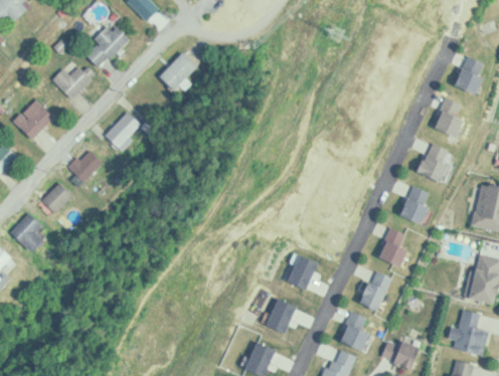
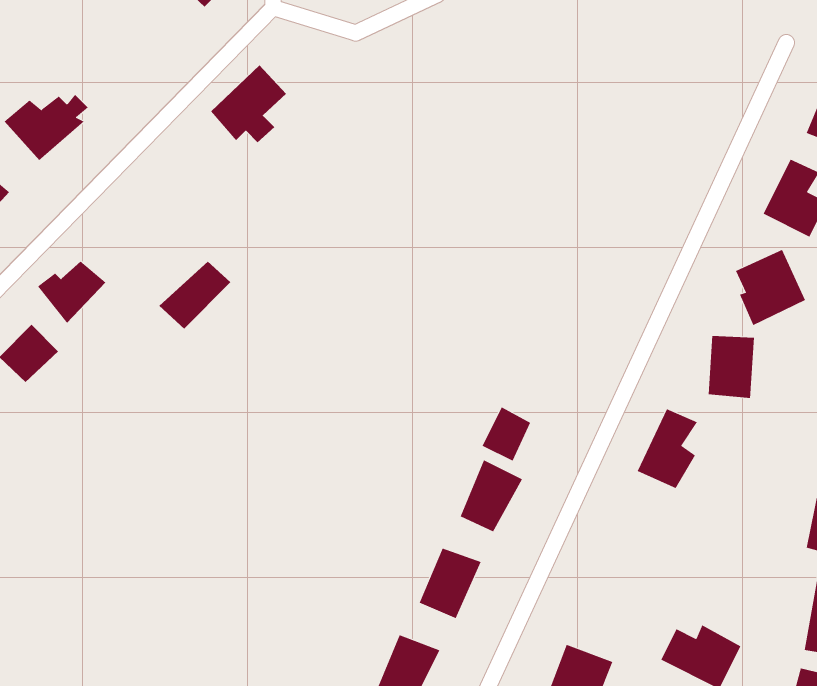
building: [81,27,128,67] -> none
building: [101,112,138,147] -> [159,261,231,330]
building: none -> [482,406,531,462]
building: [363,271,398,313] -> none
building: [345,313,375,352] -> none

